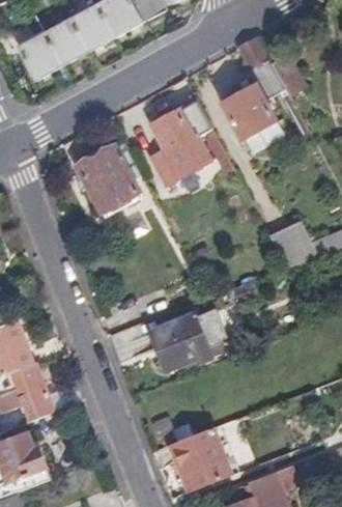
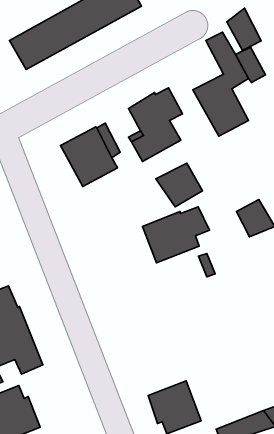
building: none -> [227,8,261,51]
building: none -> [156,163,202,207]
building: [151,310,226,372] -> [142,207,210,263]

